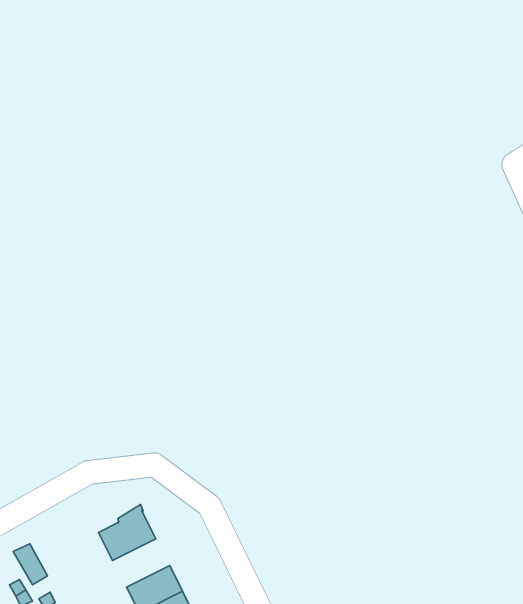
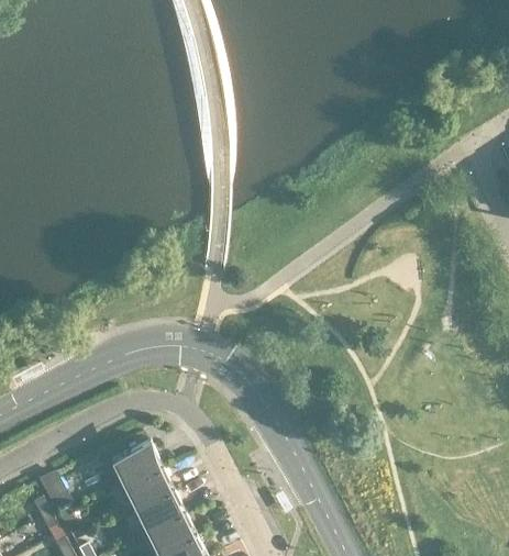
building: none -> [125,472,175,514]

